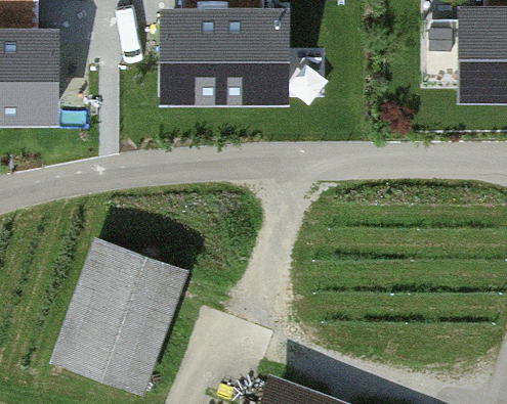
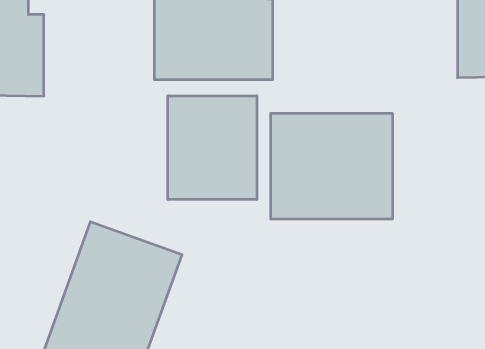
building: none -> [168,96,257,200]
building: none -> [271,113,392,219]

